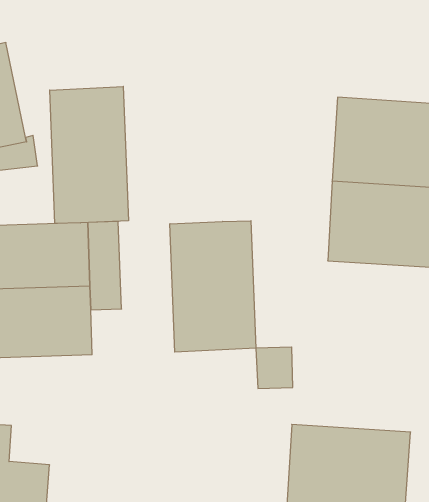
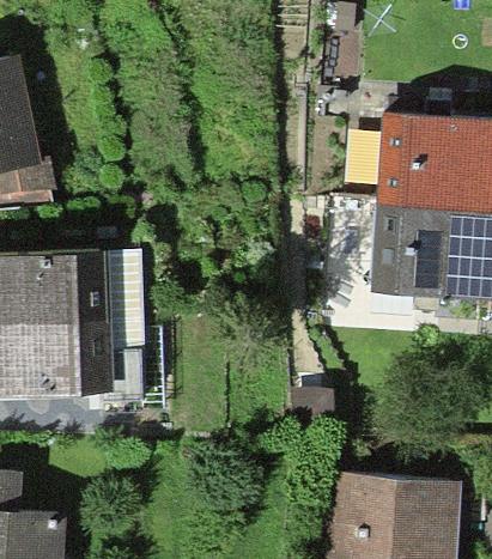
building: [50,86,128,223] -> none
building: [170,221,256,352] -> none

